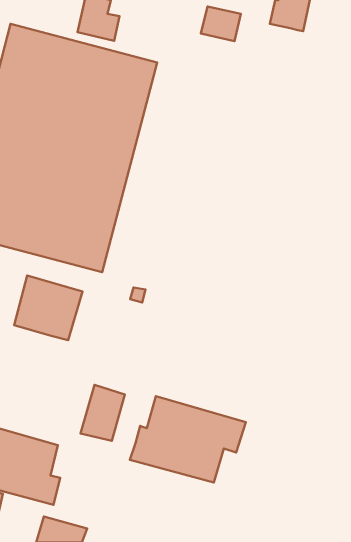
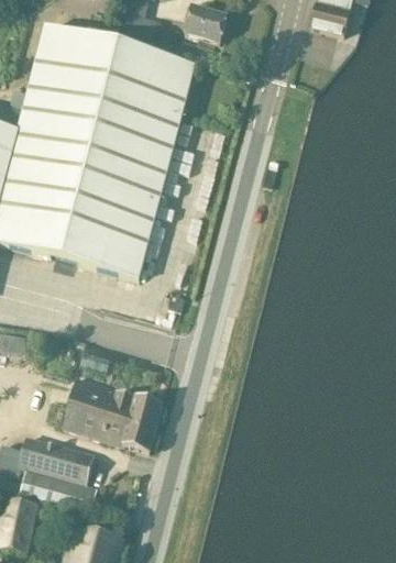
building: [201,6,241,41] -> [185,5,226,41]
building: [14,275,82,340] -> [62,375,131,441]
building: [130,396,246,482] -> none

